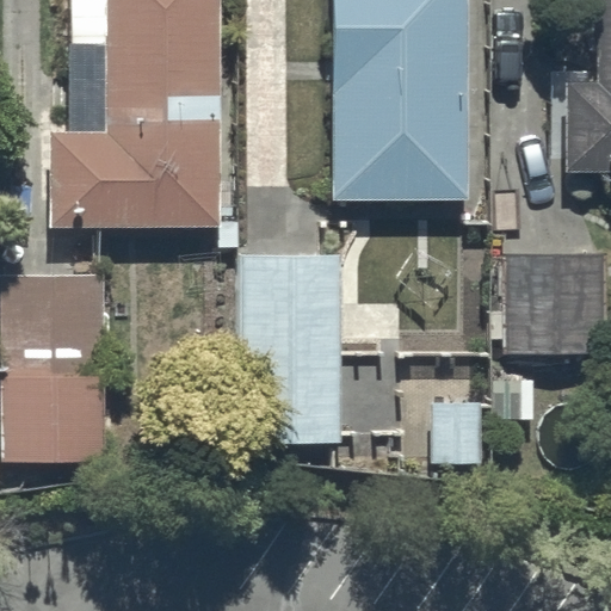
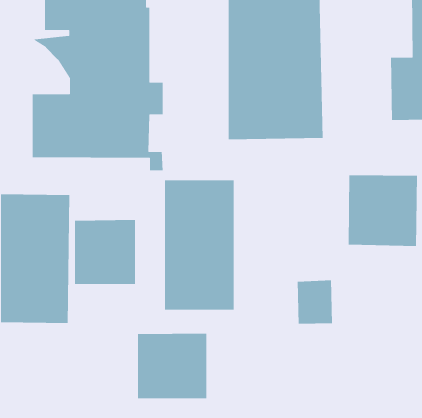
building: none -> [74,219,136,285]
building: none -> [137,333,207,399]

